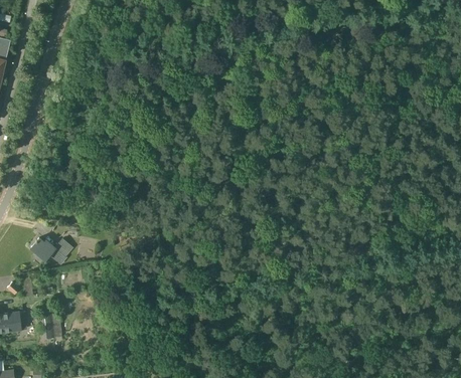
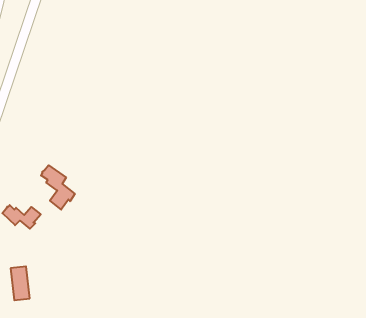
building: none -> [41,165,75,210]

